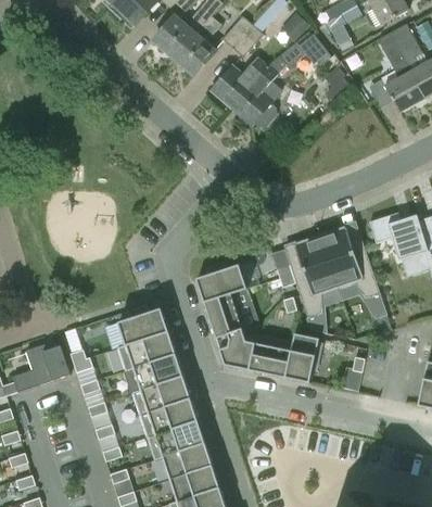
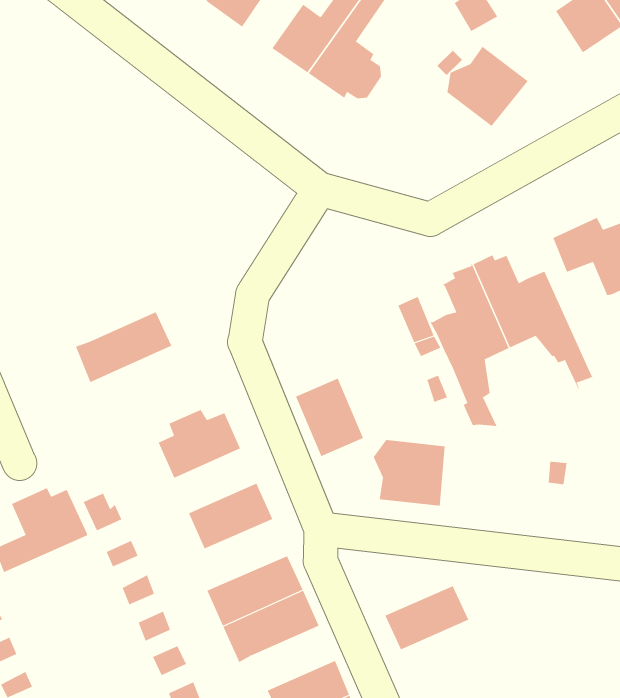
building: none -> [447,46,528,127]
building: [196,261,247,303] -> none
building: [117,331,176,370] -> [75,311,172,383]
building: [216,332,252,370] -> none
building: [285,333,319,383] -> none
building: [131,376,190,415] -> none
building: [162,443,213,479] -> [384,585,469,650]

